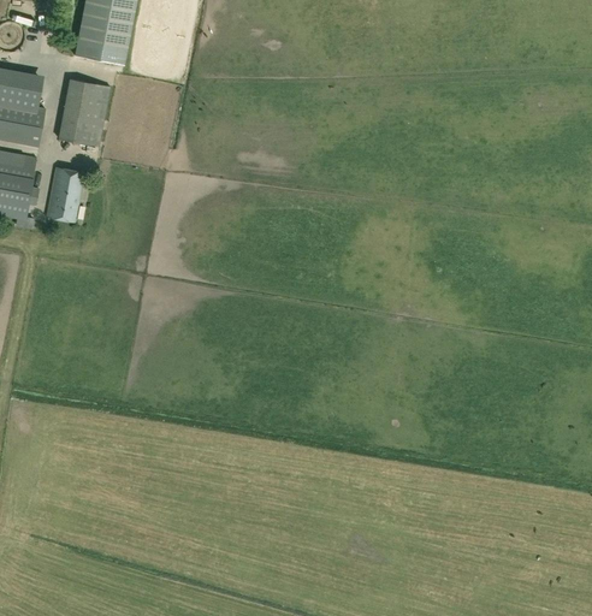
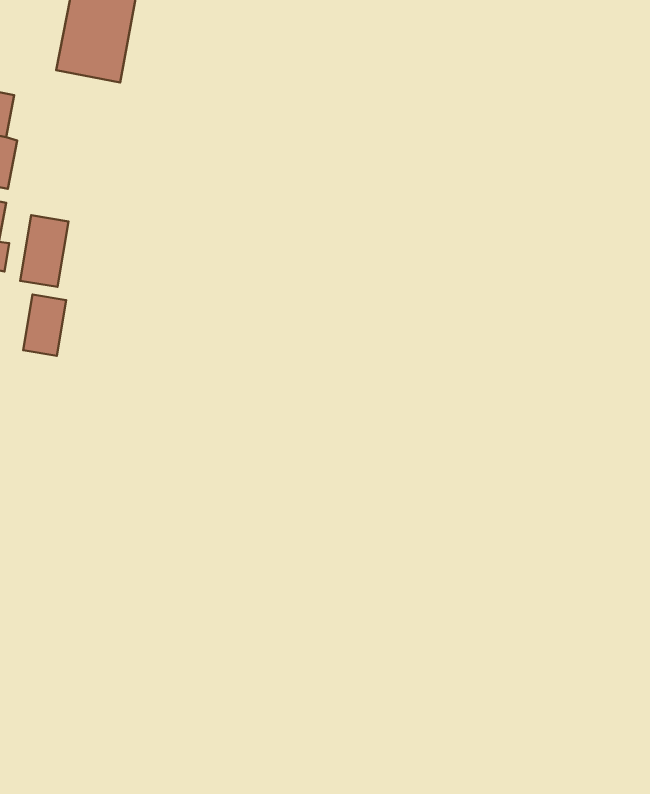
building: [58,78,109,146] -> none
building: none -> [23,294,66,356]

